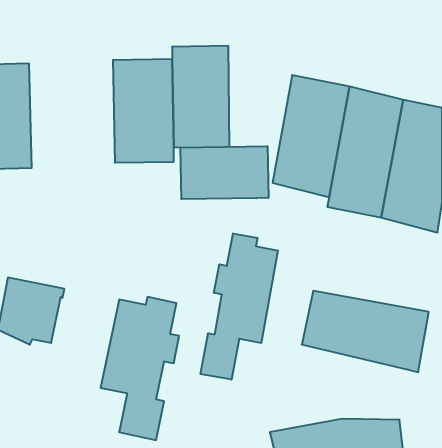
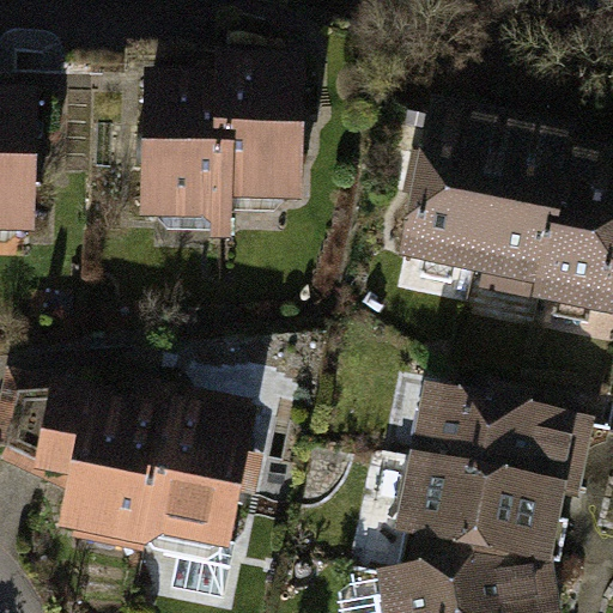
building: [180,146,268,199] -> none
building: [200,233,278,380] -> none
building: none -> [57,390,164,544]
building: none -> [393,472,553,573]

